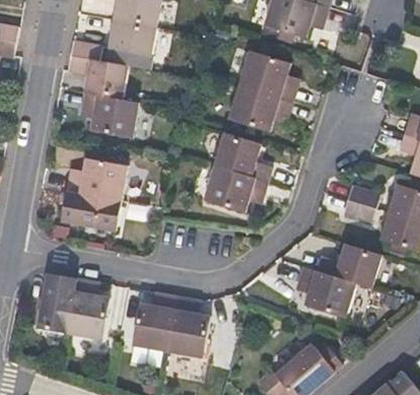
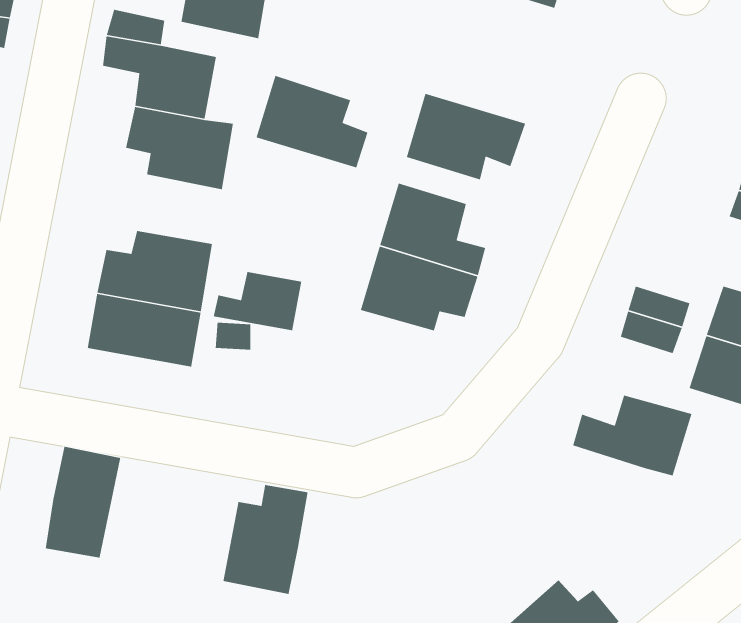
building: [237,50,297,100] -> [256,75,368,168]
building: none -> [213,271,302,331]
building: [294,266,354,315] -> none
building: [65,277,107,337] -> none
building: [165,295,207,356] -> none

